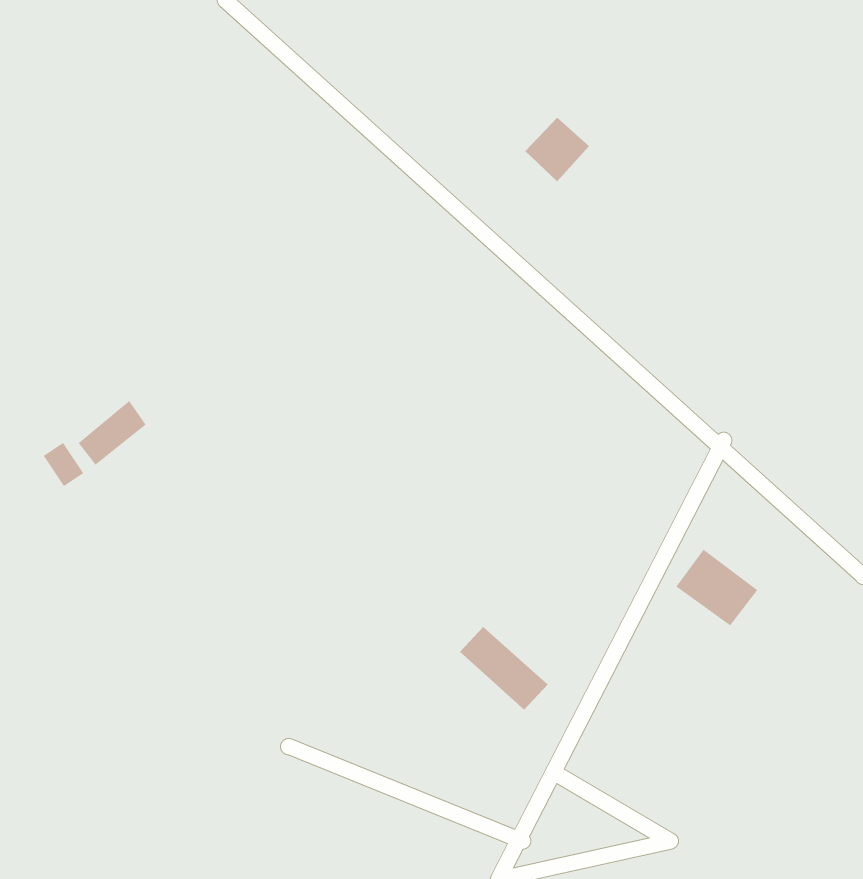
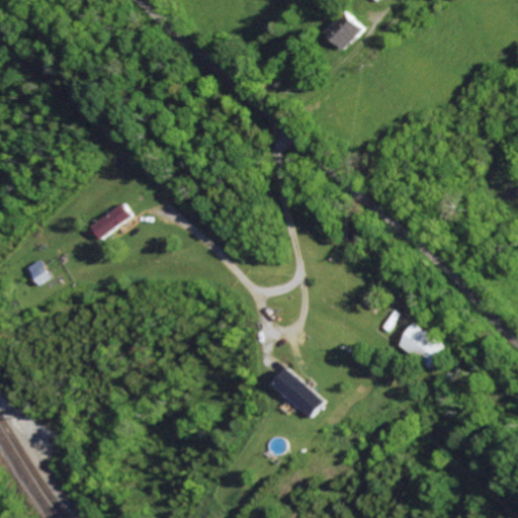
building: [524,117,590,182] -> [322,11,360,50]
building: [78,400,147,466] -> [89,202,130,241]

